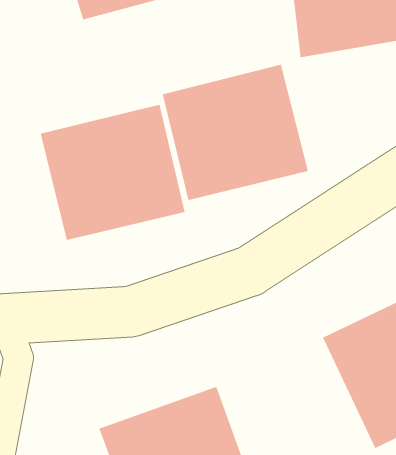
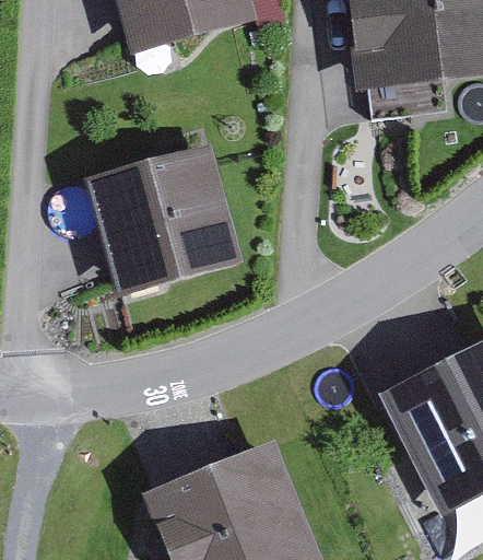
building: [162,64,309,201] -> none

